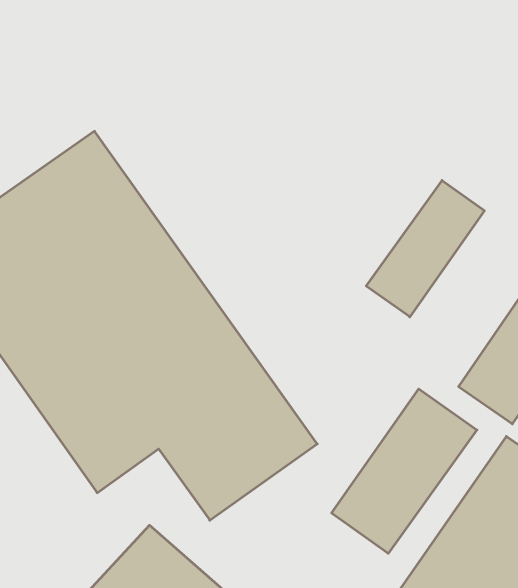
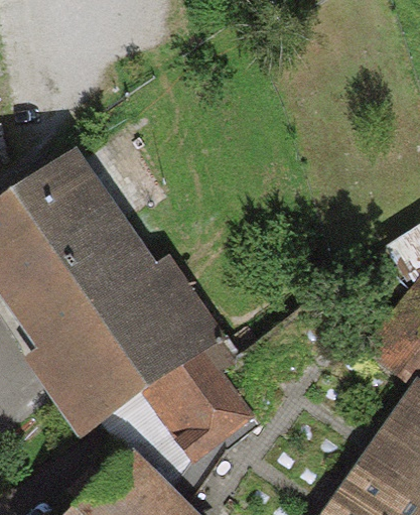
building: [366,180,484,317] -> none
building: [332,389,477,553] -> none

